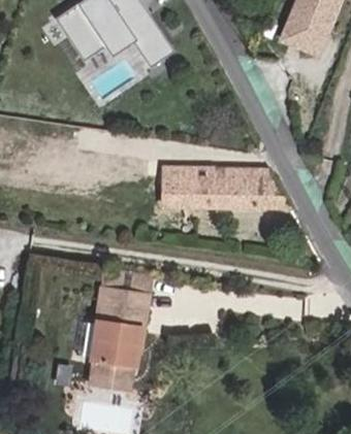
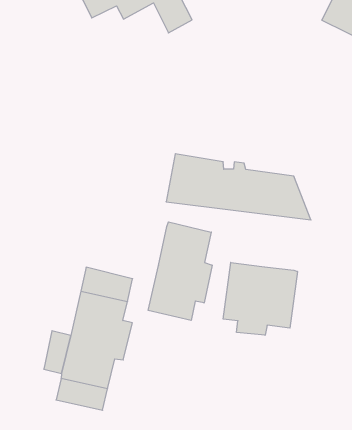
building: none -> [148,222,212,320]
building: none -> [223,262,297,335]

